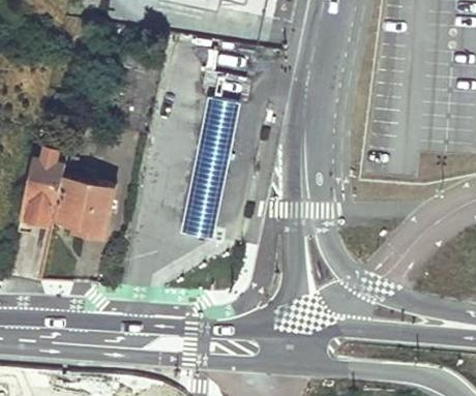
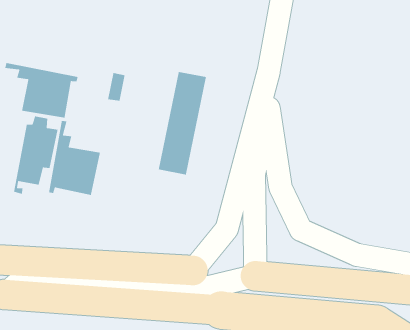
building: none -> [4,62,78,119]

